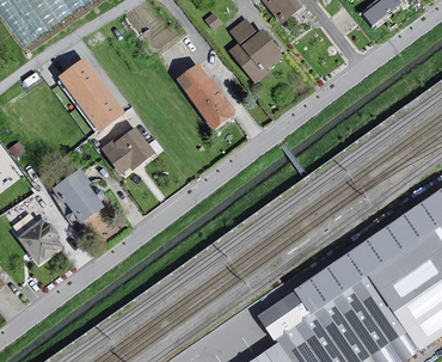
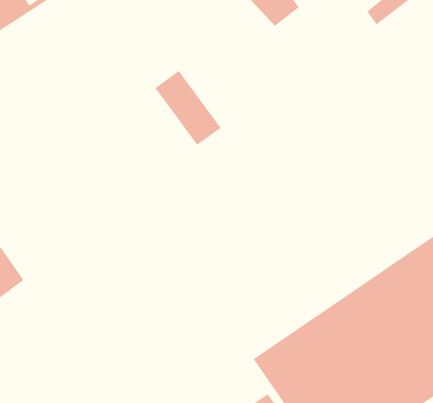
building: [227,18,283,81] -> none
building: [59,59,123,131] -> none
building: [102,123,155,173] -> none
building: [50,170,105,225] -> none

